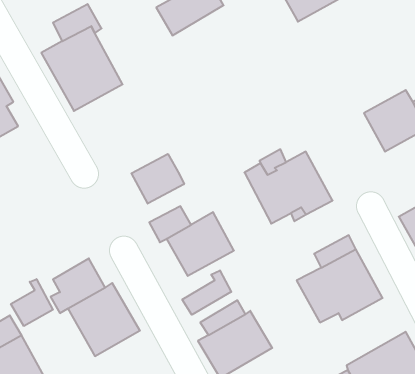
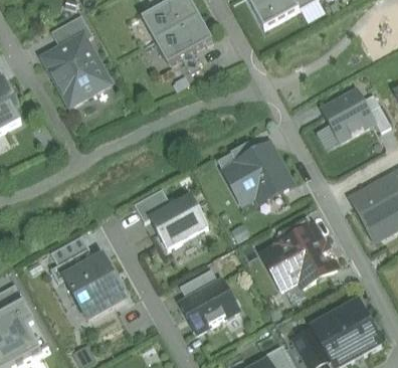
building: none -> [155,14,213,63]
building: [131,154,184,204] -> none
building: [182,270,231,315] -> none
building: [11,279,53,326] -> none

